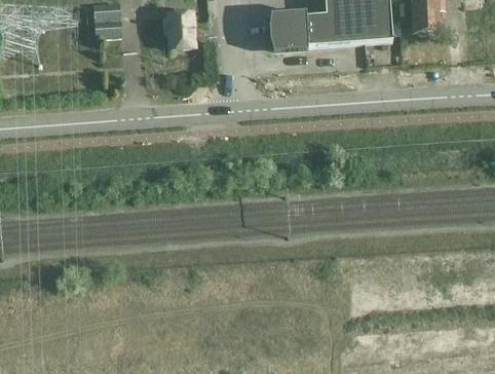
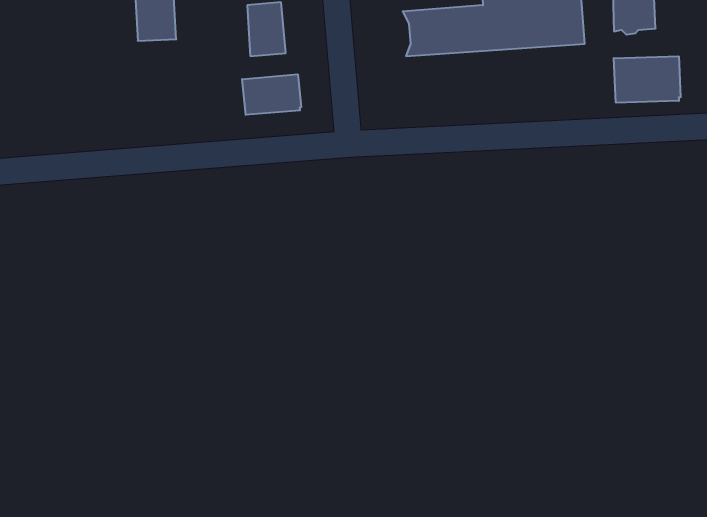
building: none -> [614,56,681,103]
building: none -> [242,74,301,115]

